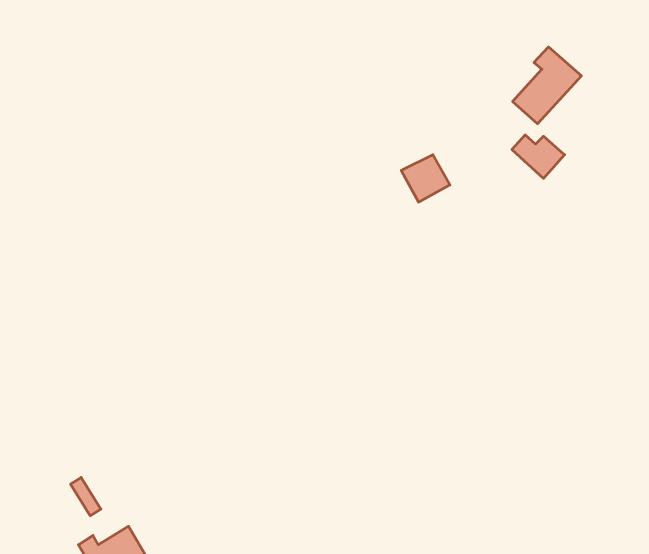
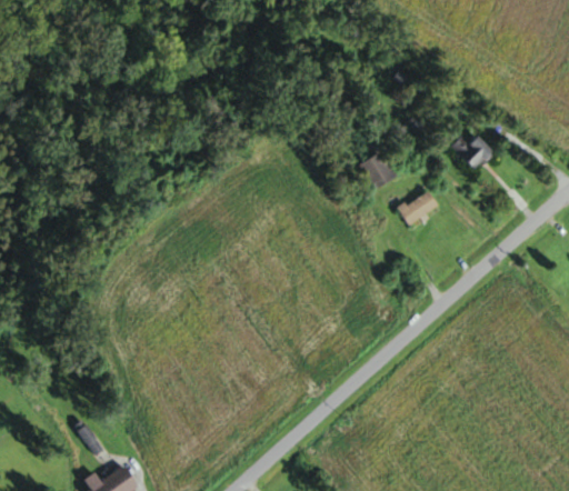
building: [513,47,581,124] -> none
building: none -> [397,189,438,227]

